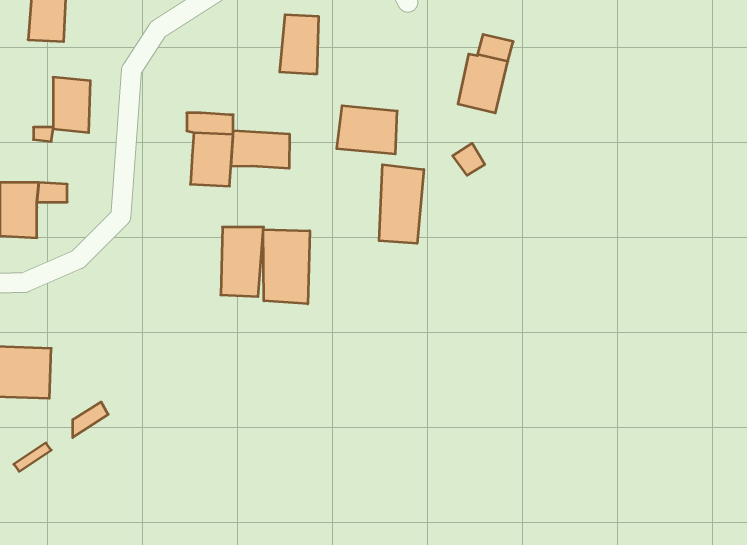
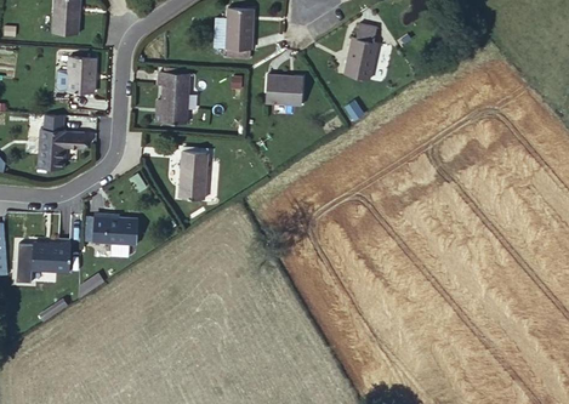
building: [231,130,289,168] -> none
building: [379,165,424,243] -> none
building: [263,229,310,304] -> none
building: none -> [96,220,140,260]

